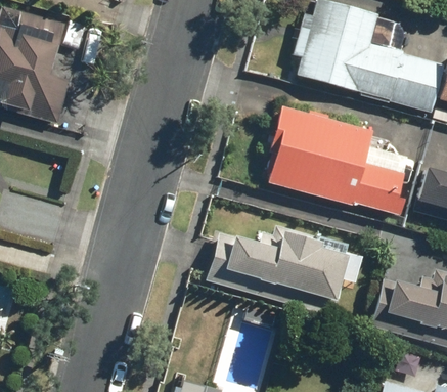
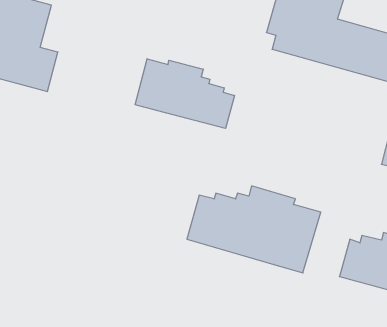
building: none -> [135,59,234,128]
building: [268,107,411,217] -> none

